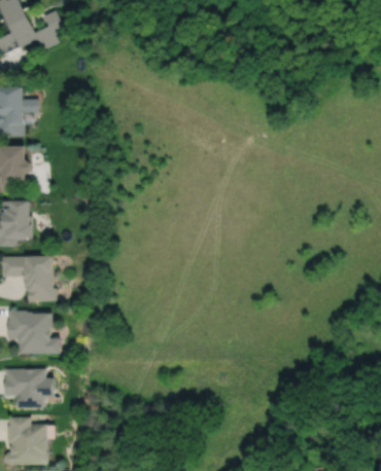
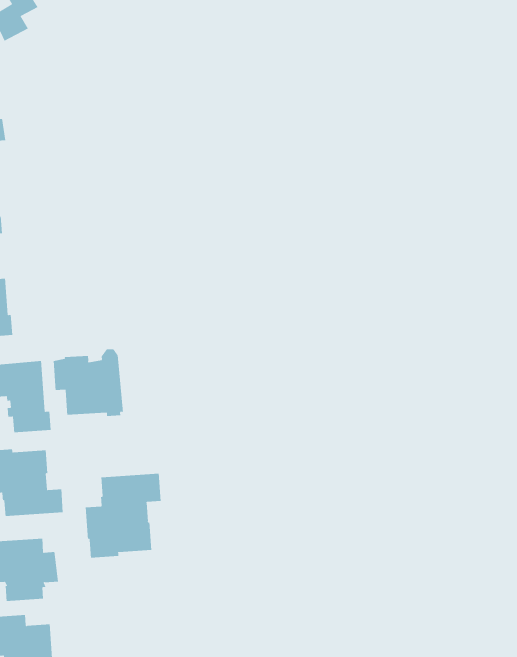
building: none -> [53,349,123,417]
building: none -> [85,473,161,559]

